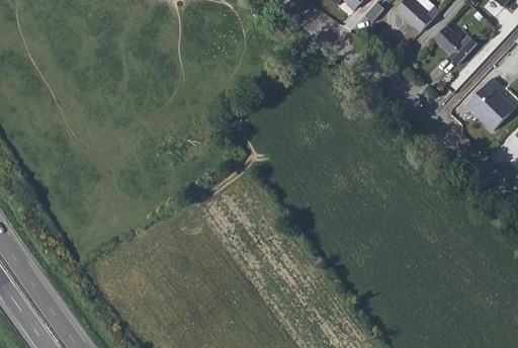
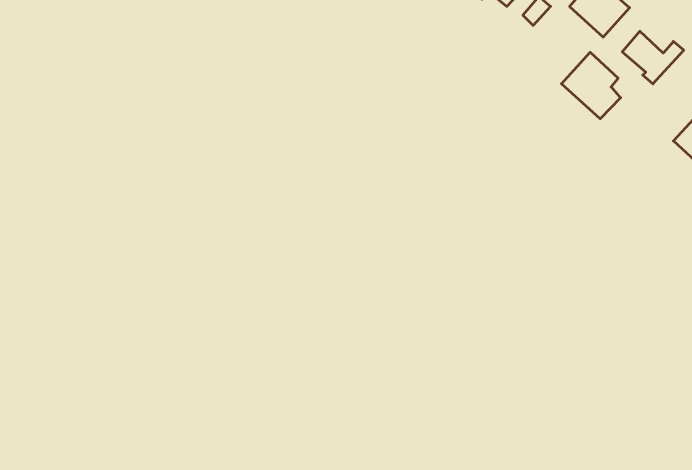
building: none -> [561,52,621,119]

